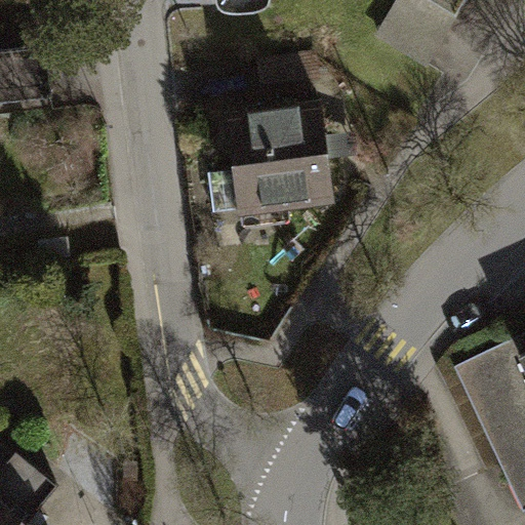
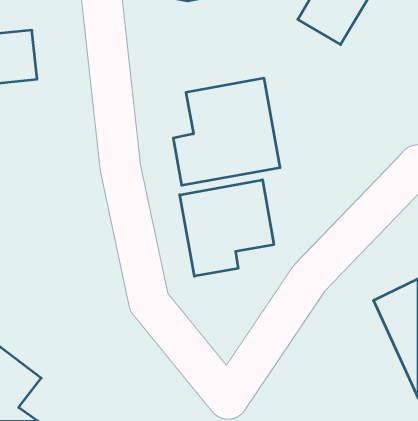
building: none -> [180,180,274,276]

